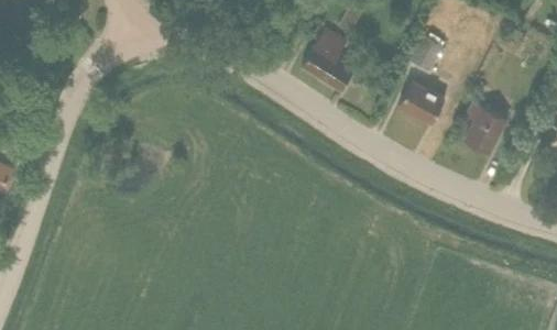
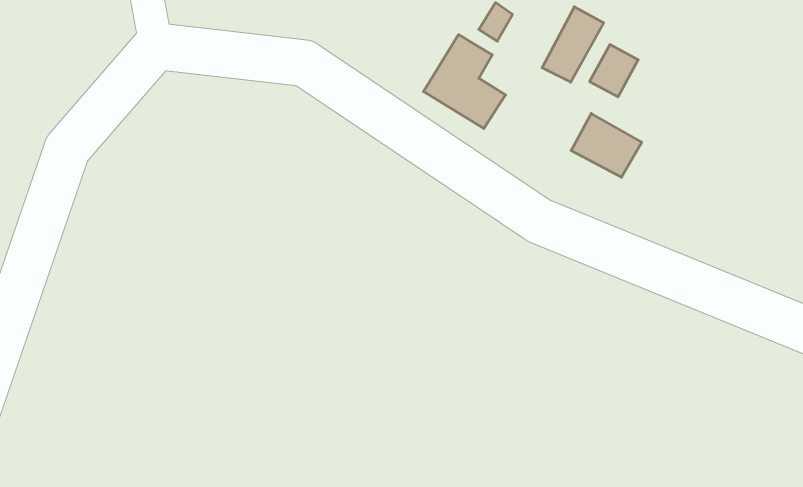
building: none -> [542,7,604,82]
building: [461,103,504,152] -> none

